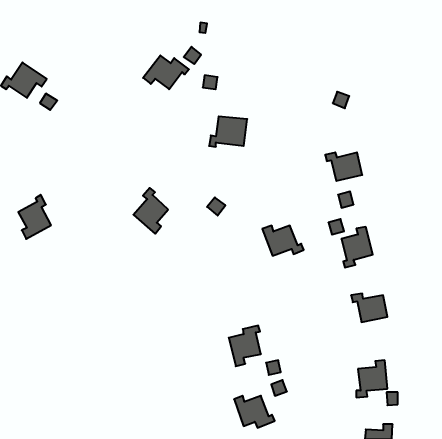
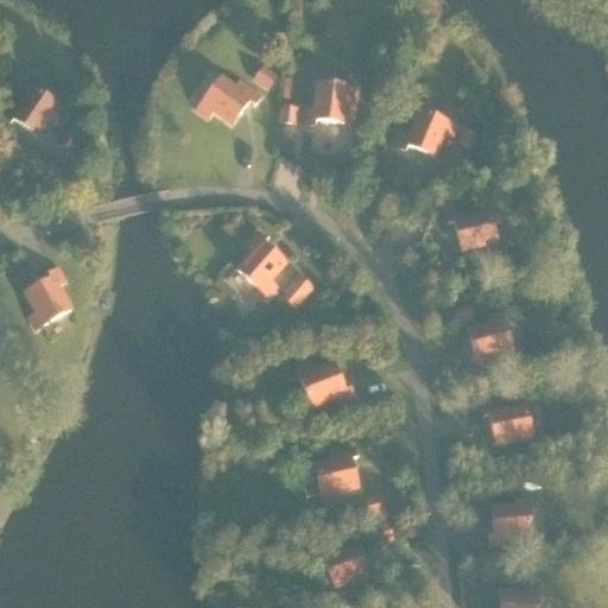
building: none -> [397,109,456,154]
building: [209,116,247,147] -> [305,82,357,124]
building: [133,188,168,234] -> [238,232,285,294]
building: [262,226,304,256] -> [297,362,354,404]

